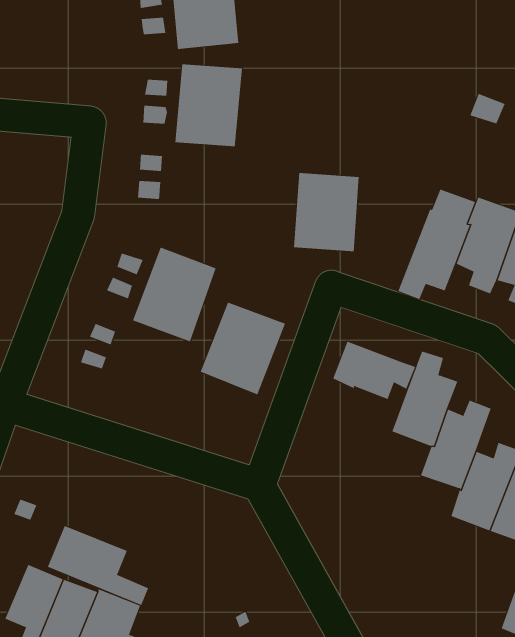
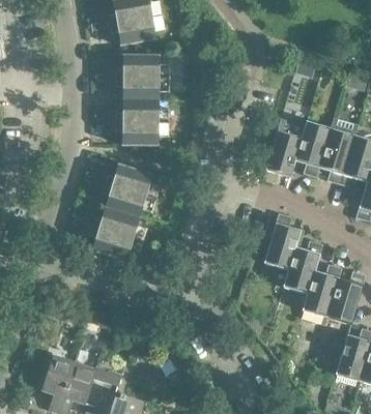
building: [293,173,360,252] -> [122,100,159,145]
building: [200,302,286,395] -> [91,207,140,261]
building: [332,341,416,400] -> none
building: [47,525,149,606] -> none

